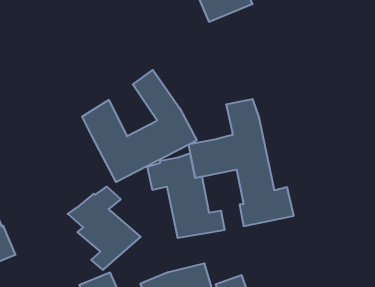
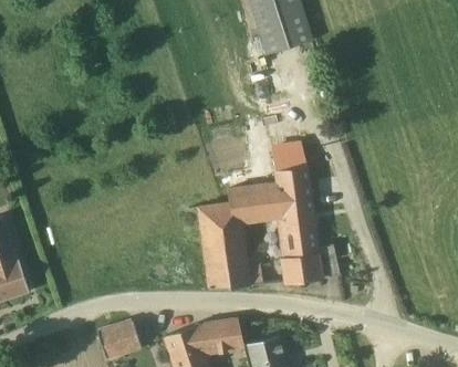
building: [82,70,197,182] -> none
building: [68,187,141,270] -> none

